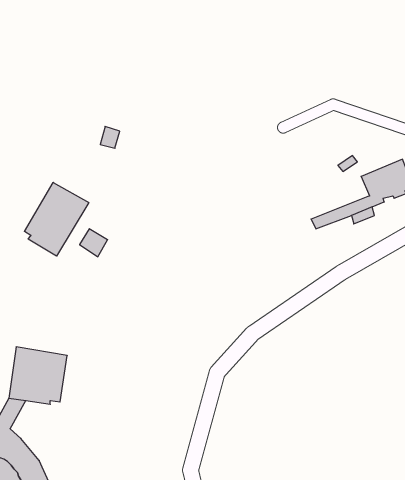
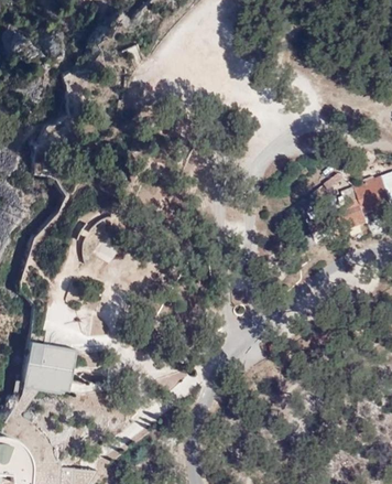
building: [24,182,89,256] -> none

